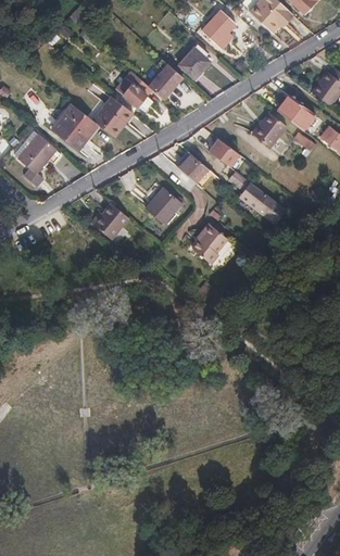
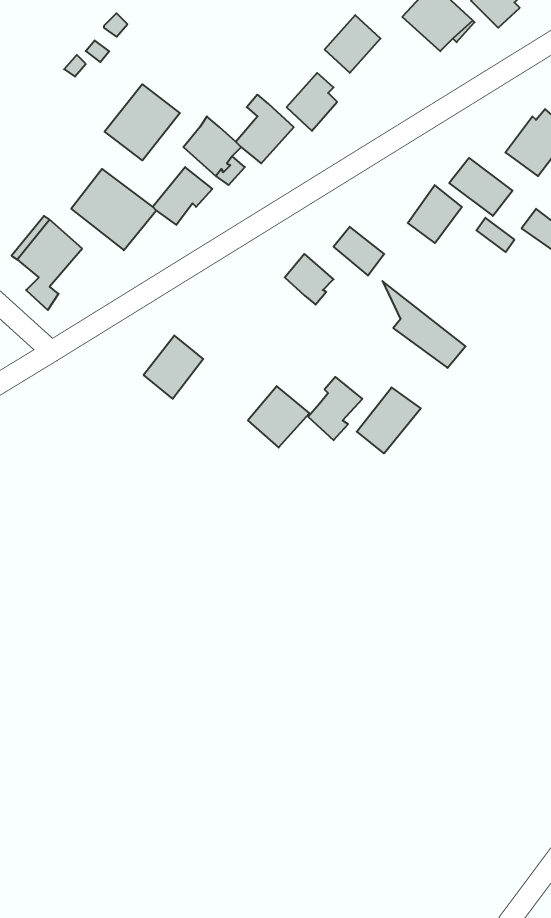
building: none -> [105,84,180,160]
building: [146,187,182,224] -> [248,386,309,448]
building: none -> [357,387,421,453]

